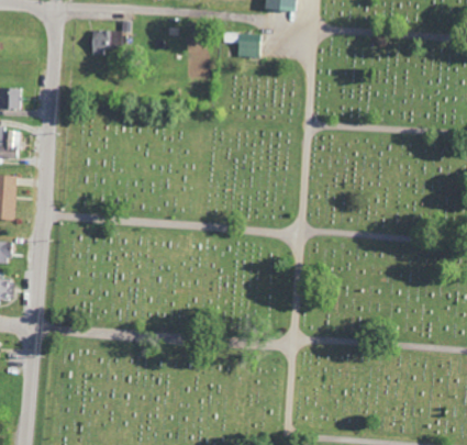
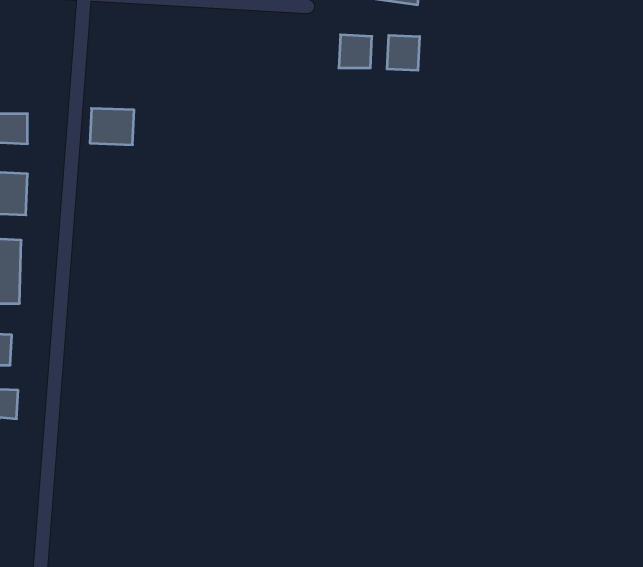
building: [90,30,121,55] -> [90,108,134,145]
building: none -> [387,35,420,70]

